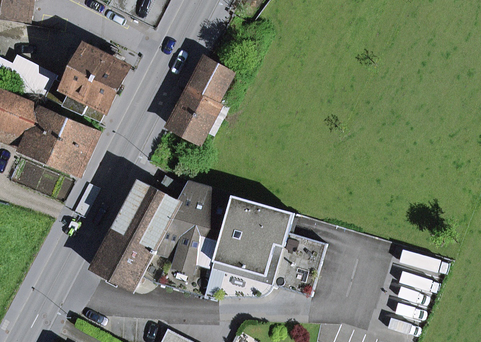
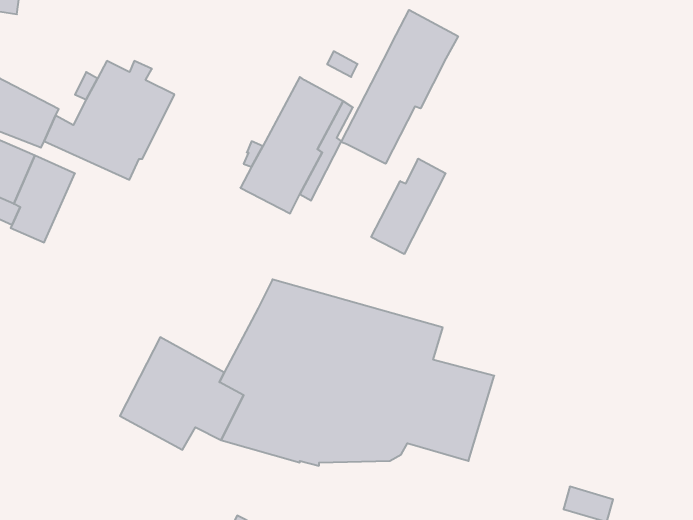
building: none -> [341,10,458,164]
building: none -> [371,159,446,254]
building: [45,116,99,174] -> none
building: [117,179,178,240] -> none

